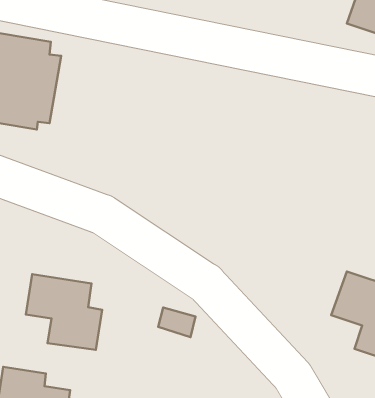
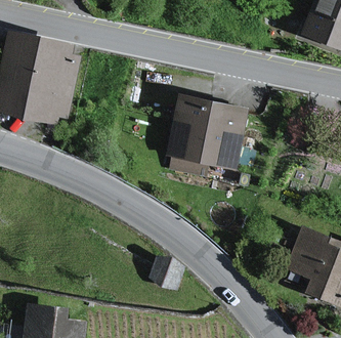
building: none -> [169,102,242,166]
building: [26,274,102,350] -> none

